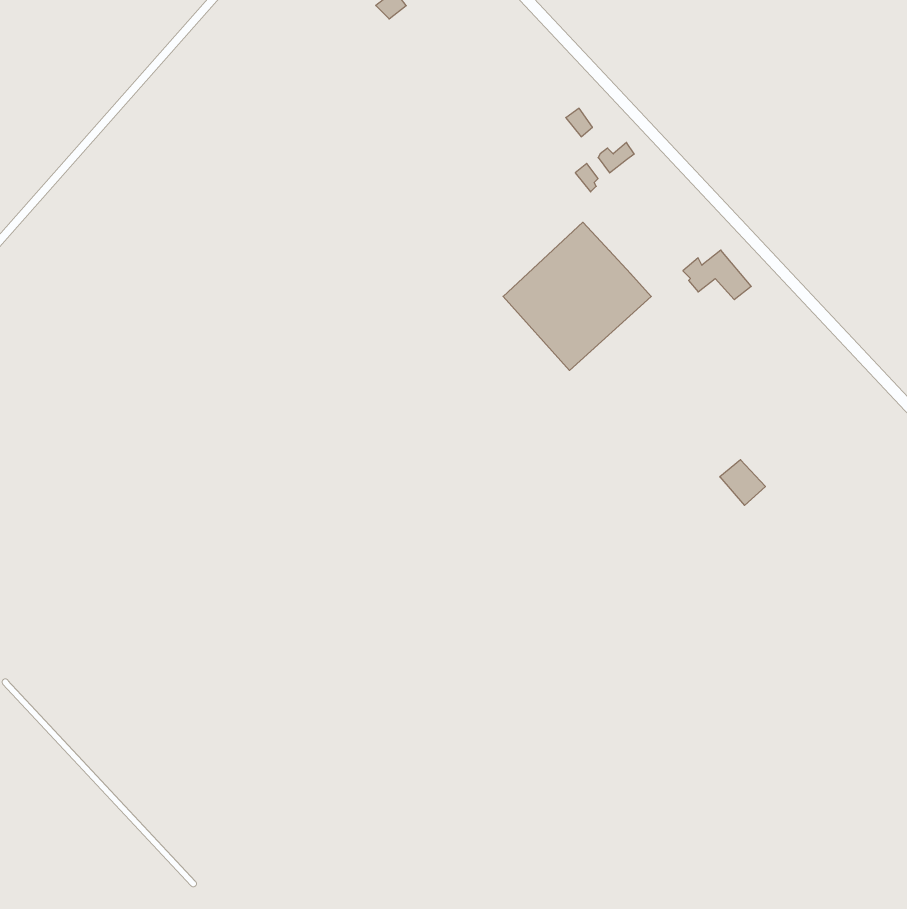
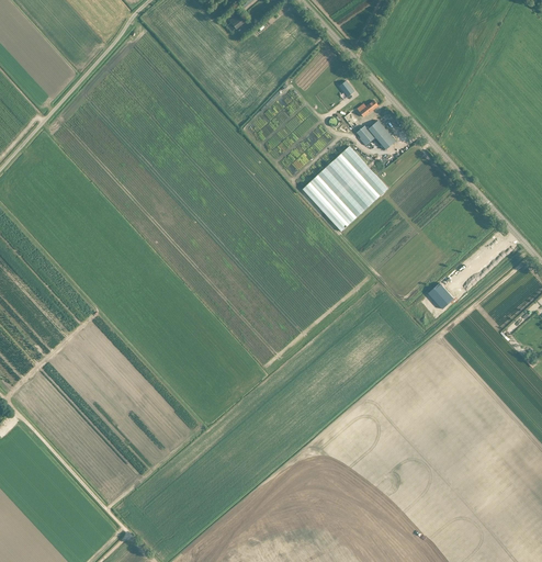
building: [683,250,751,300] -> [357,121,396,149]

